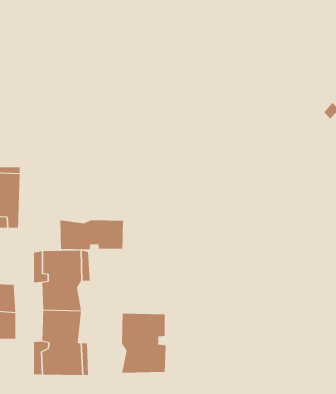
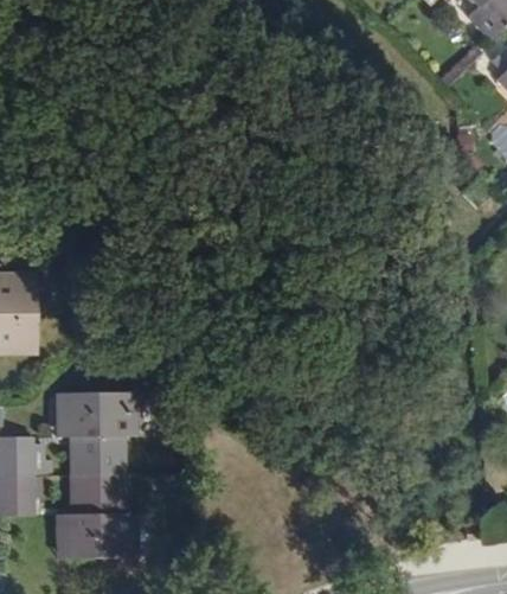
building: [60,219,124,250] -> none
building: [121,313,166,373] -> none

